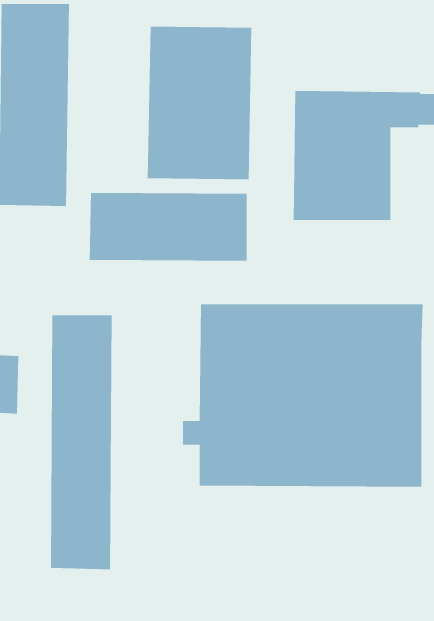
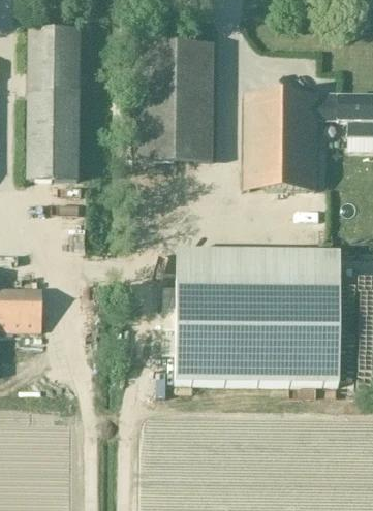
building: [89,192,248,262] -> none
building: [50,315,113,570] -> none

